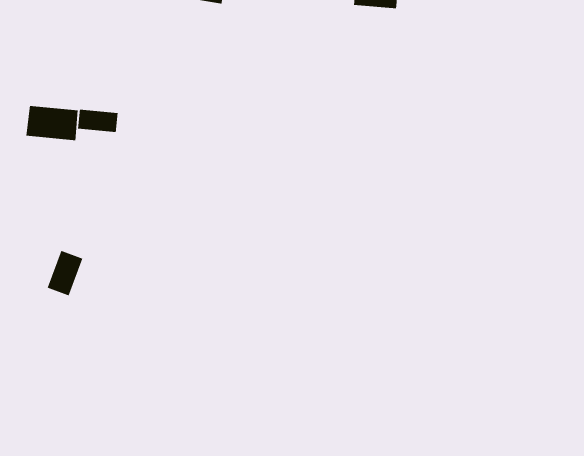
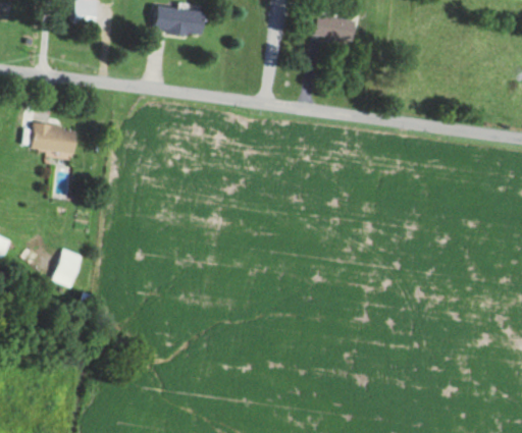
building: [77,109,118,133] -> none

